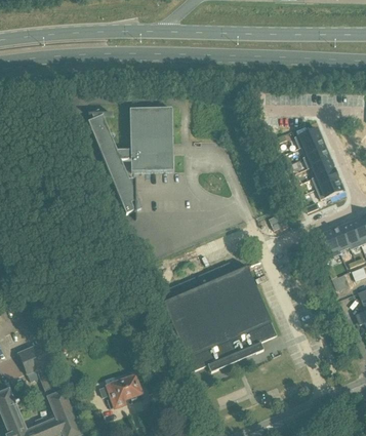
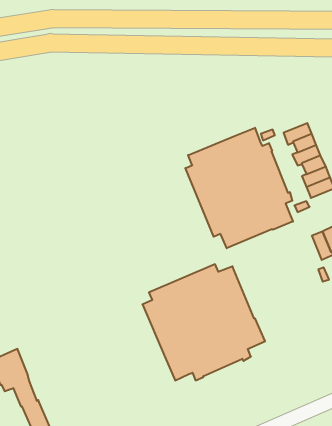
building: [87,109,172,213] -> none
building: none -> [185,128,293,248]
building: [99,376,139,407] -> none

